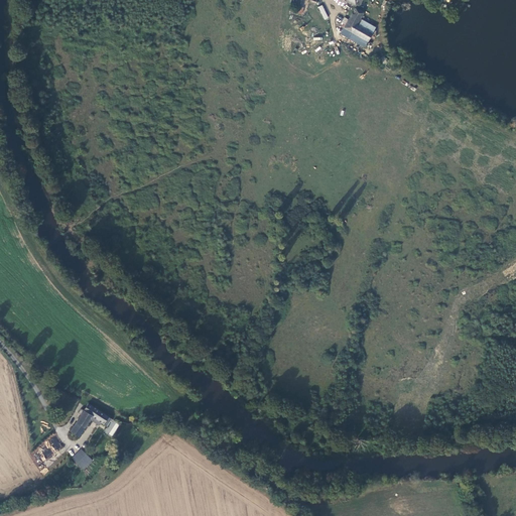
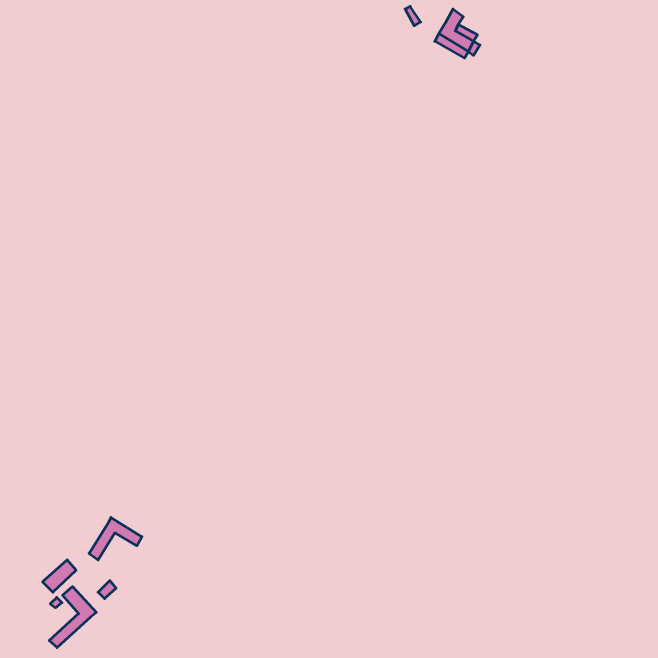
building: none -> [49,587,96,648]

